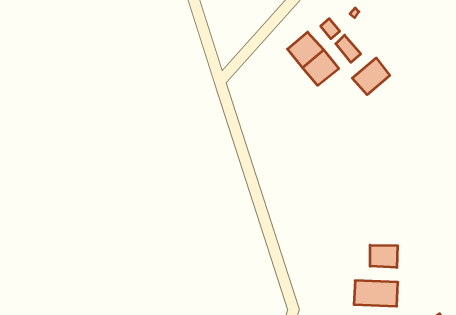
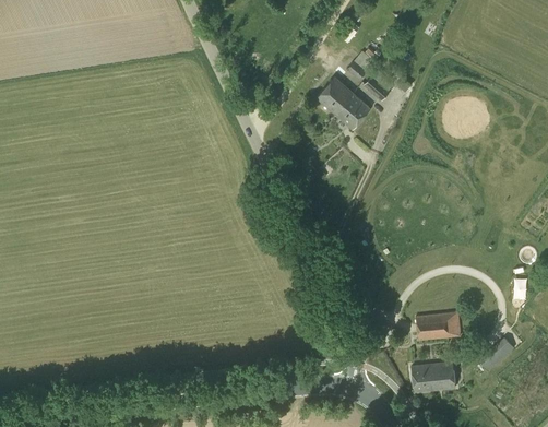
building: [352,58,390,95] -> none
building: [370,245,398,268] -> none

